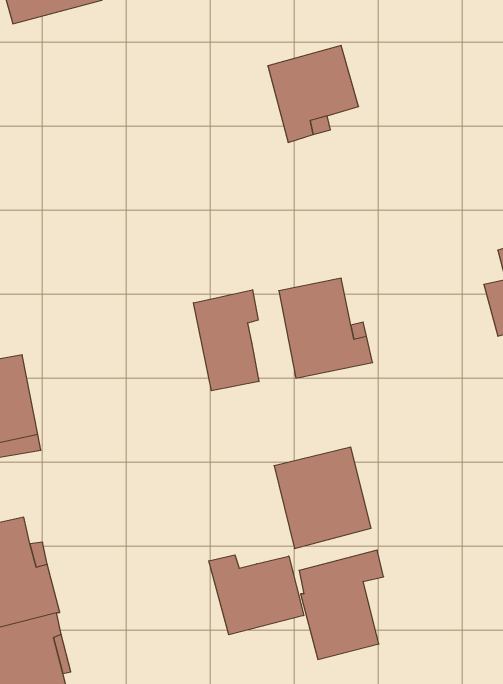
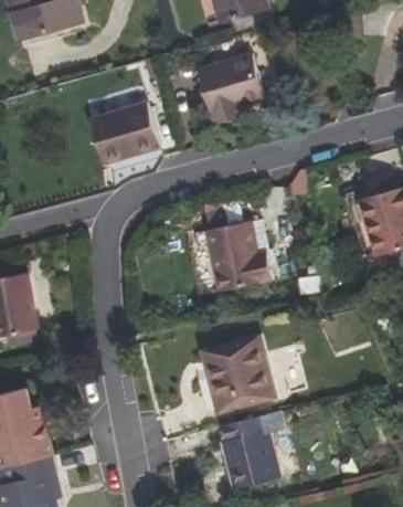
building: none -> [89,102,158,163]
building: [193,290,259,391] -> none
building: [209,555,304,635] -> none

